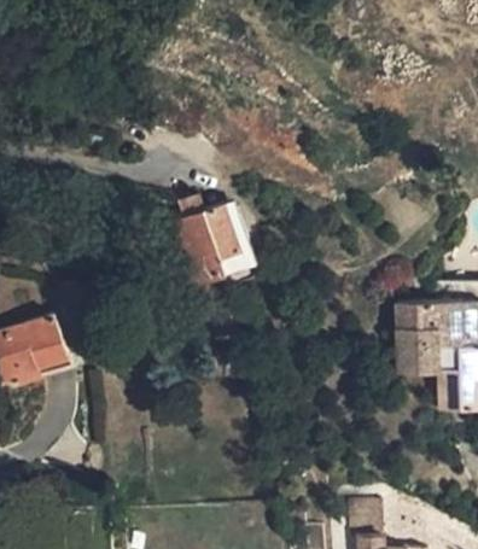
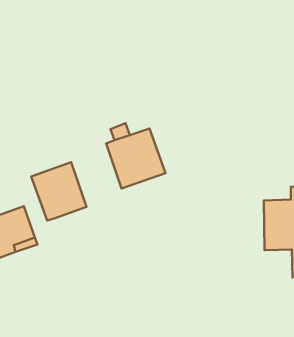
building: none -> [31,162,87,221]

